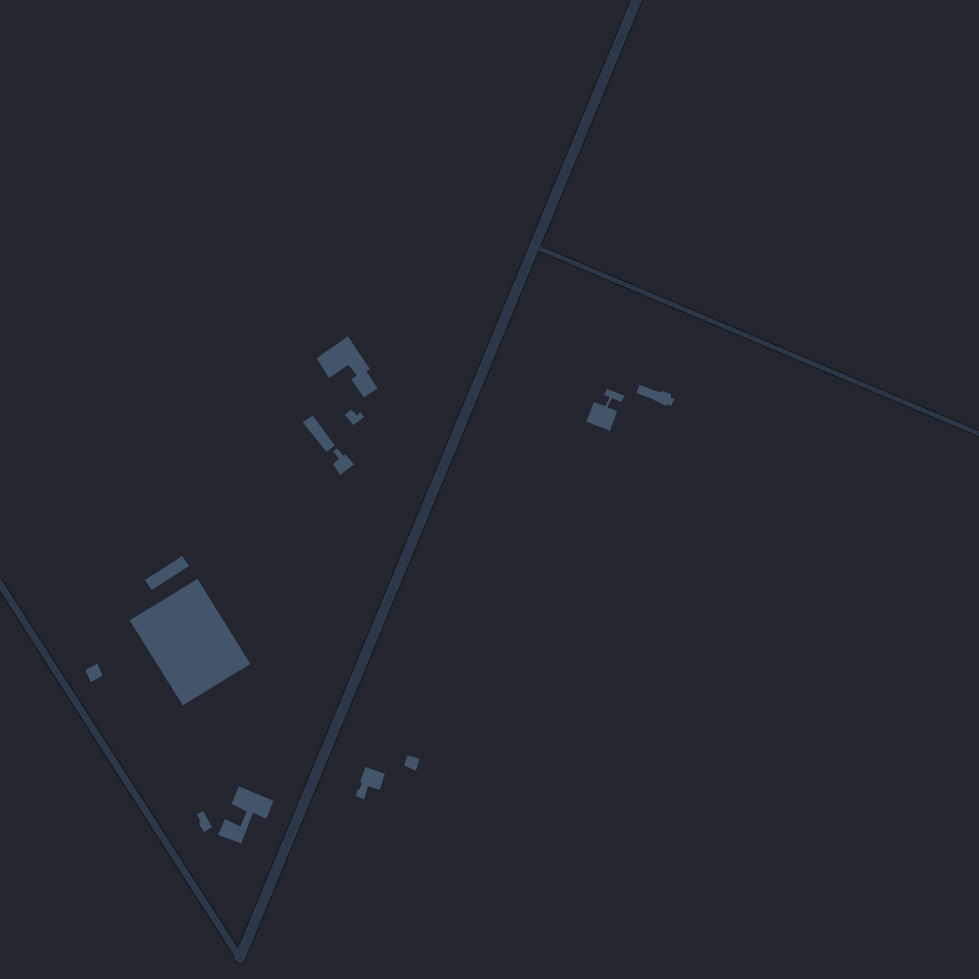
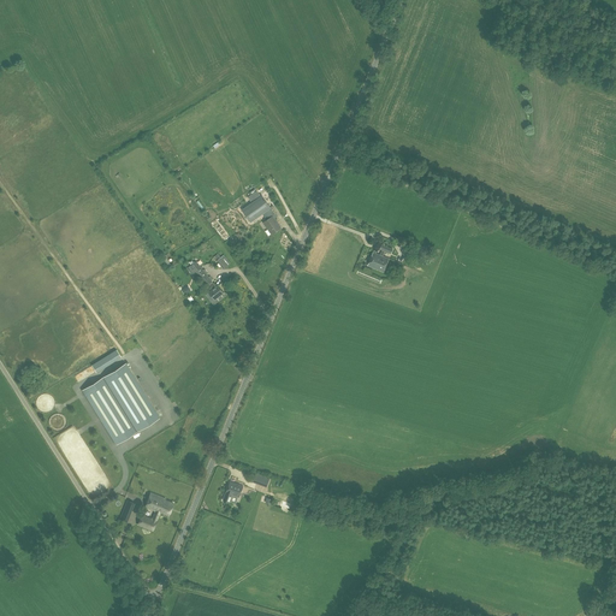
building: [316,335,379,398] -> [241,194,280,233]

